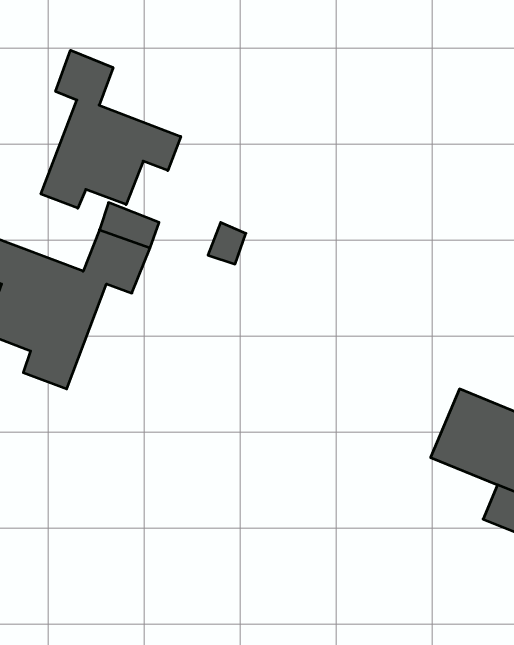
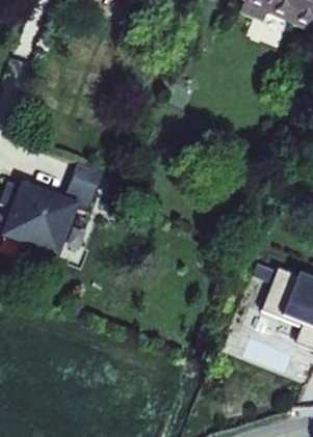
building: [41,50,181,208] -> none

